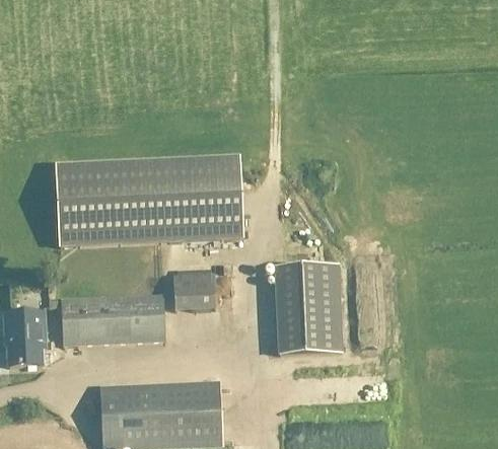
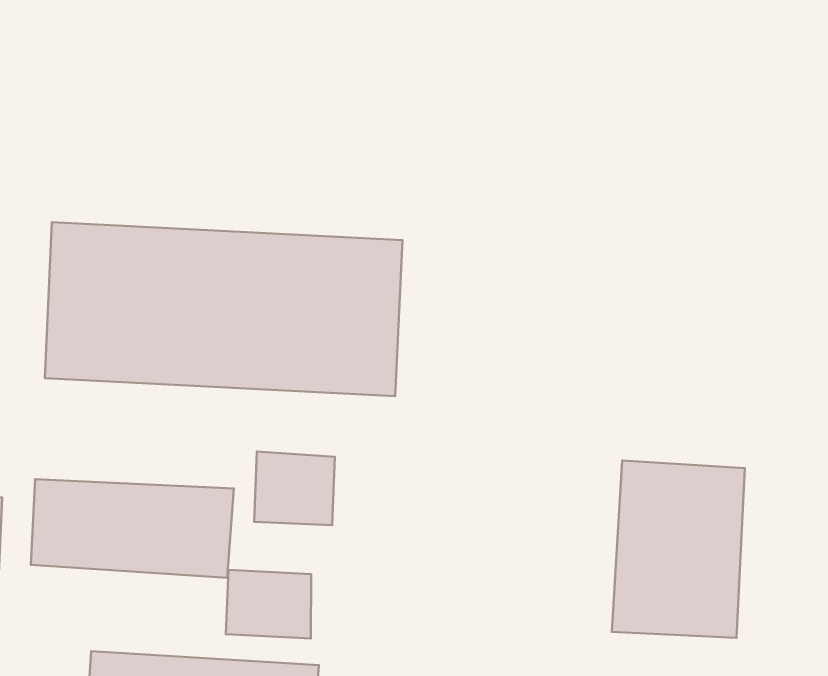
building: [276,264,344,355] -> [612,460,745,638]
building: none -> [226,570,311,638]

